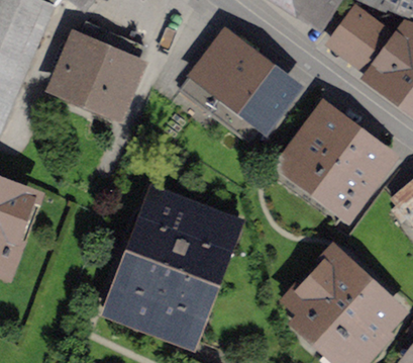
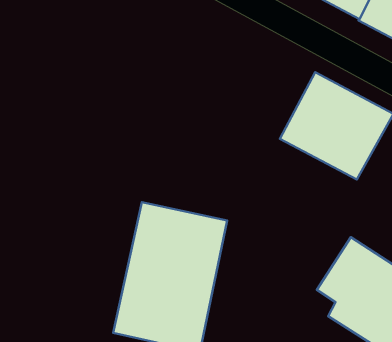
building: [56,17,144,114] -> none
building: [182,35,290,139] -> none

